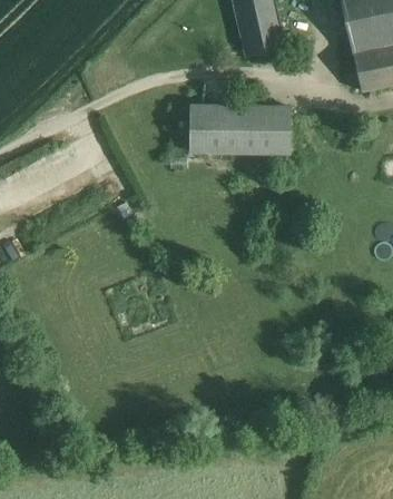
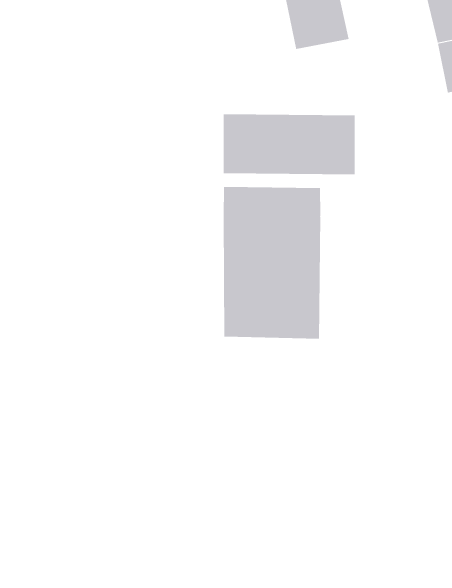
building: none -> [223,186,321,340]

